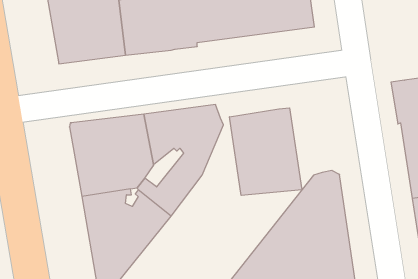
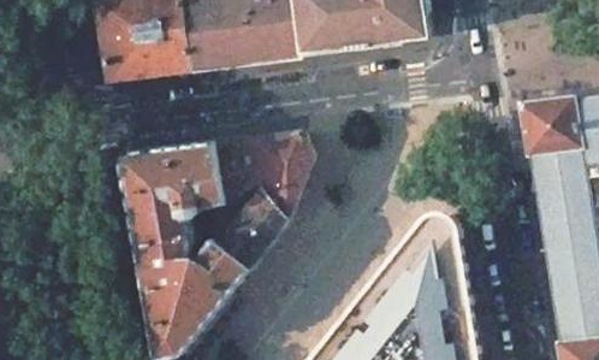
building: [230,108,302,195] -> none

